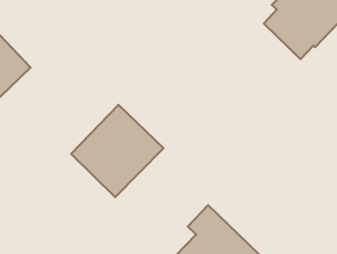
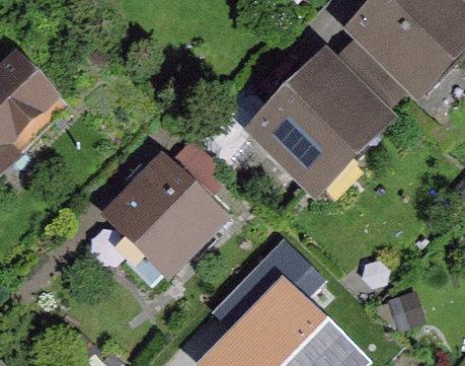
building: none -> [260,55,395,184]

